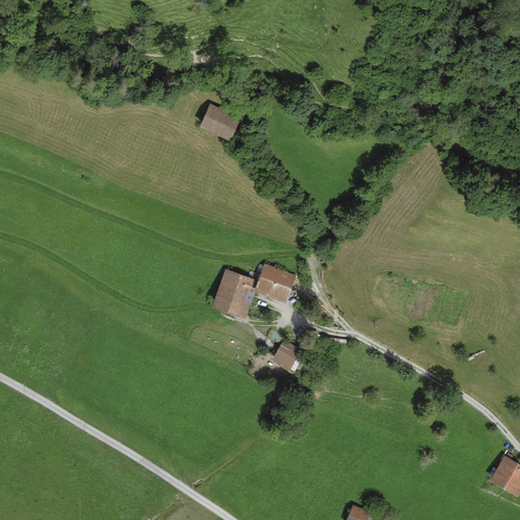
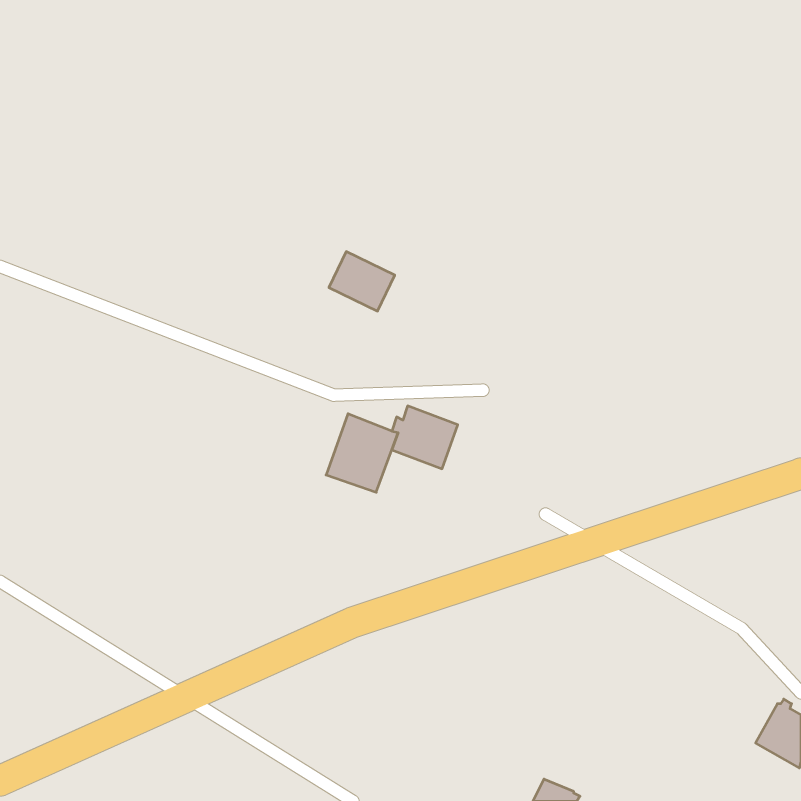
building: [199,104,242,142] -> [329,252,395,311]
building: [272,339,302,370] -> none

